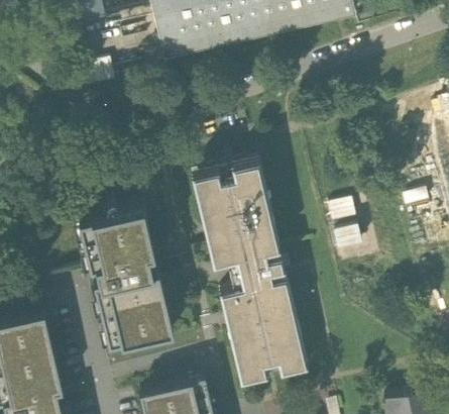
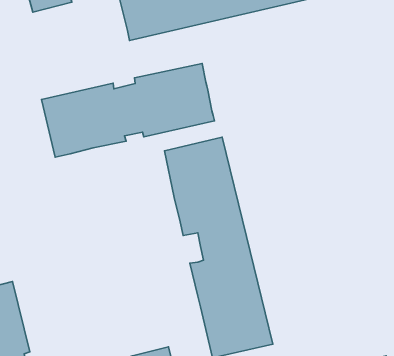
building: none -> [41,63,215,157]
building: [79,205,172,347] -> none

